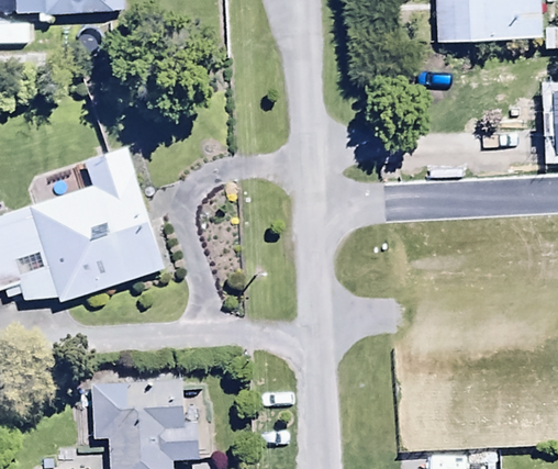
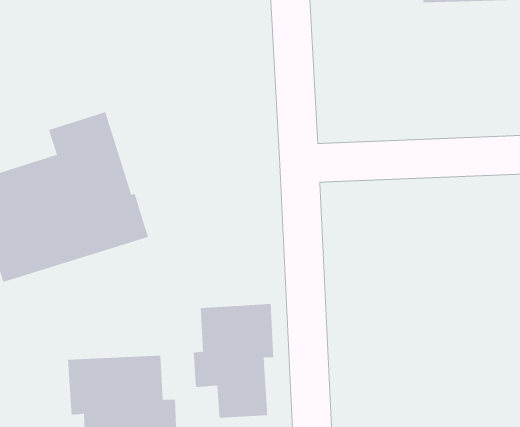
building: none -> [193,303,274,419]

